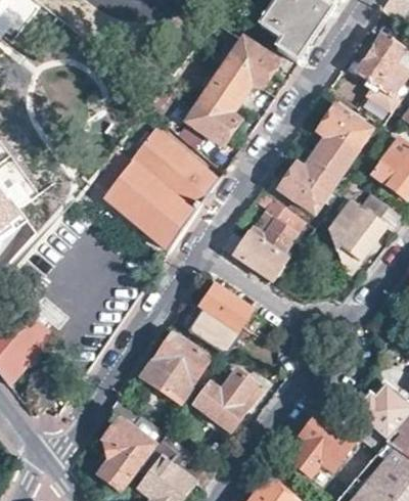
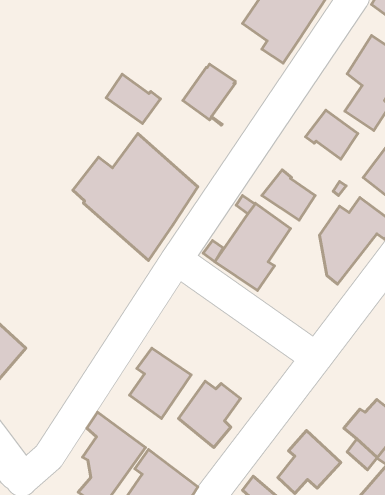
building: [223,39,277,87] -> none
building: [185,98,237,145] -> [106,74,161,123]
building: [304,137,352,189] -> none
building: [191,284,252,352] -> none

